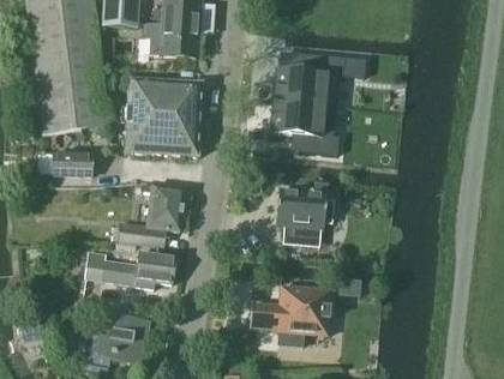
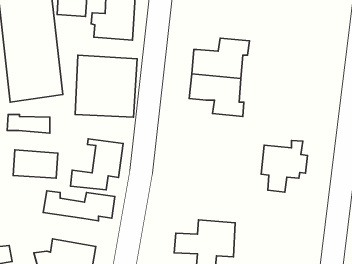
building: [276,181,335,247] -> [261,140,307,192]
building: none -> [13,150,58,178]

